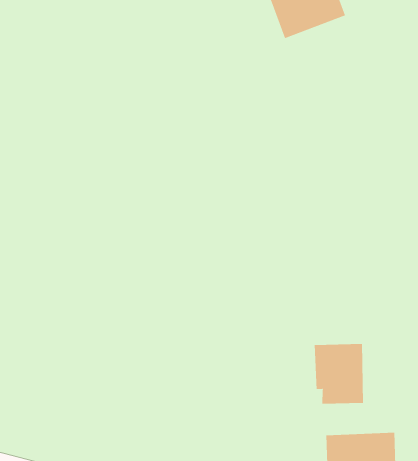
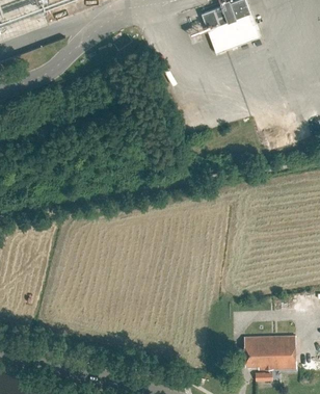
building: [314,343,364,405] -> none

